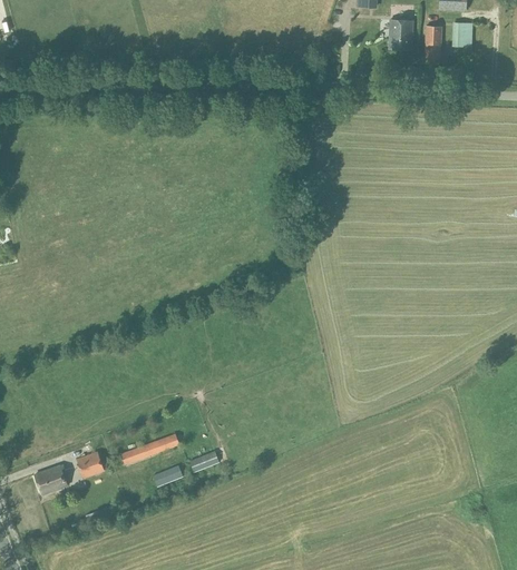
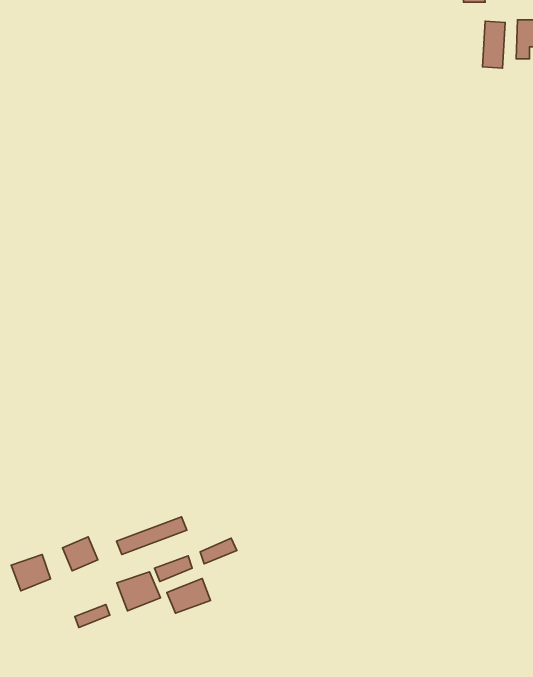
building: [388,19,411,49] -> none
building: none -> [117,572,160,611]
building: none -> [167,578,211,613]

